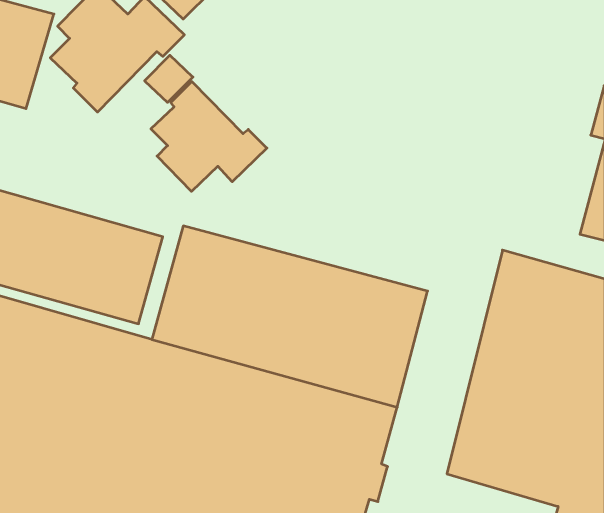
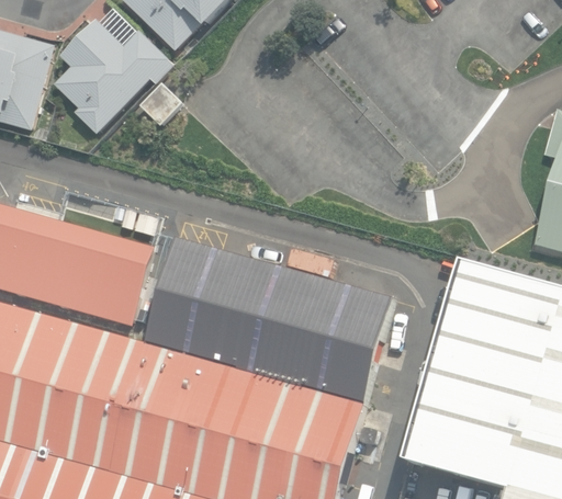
building: [151,82,267,191] -> none

